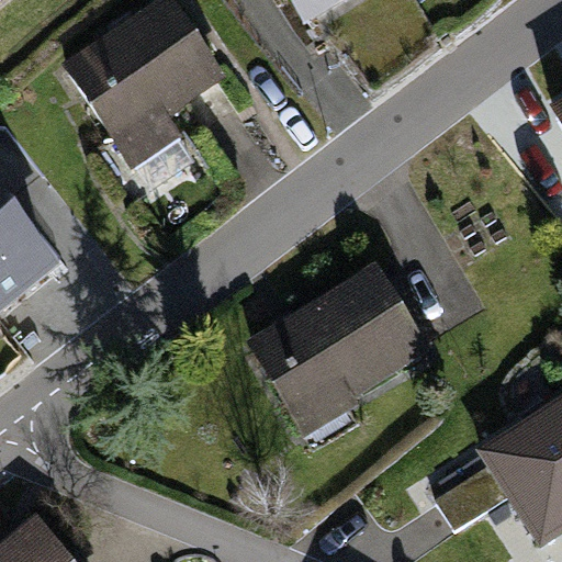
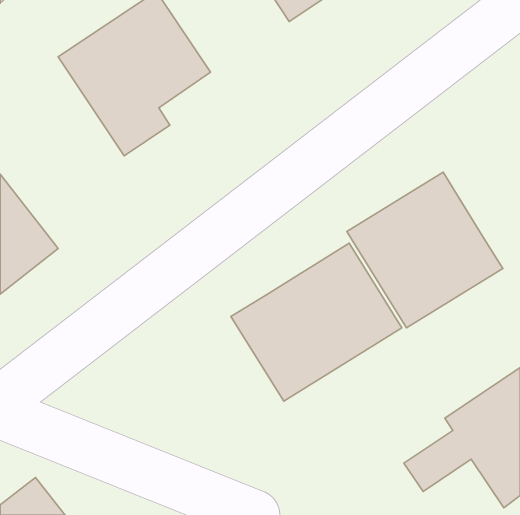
building: none -> [347,172,503,328]

